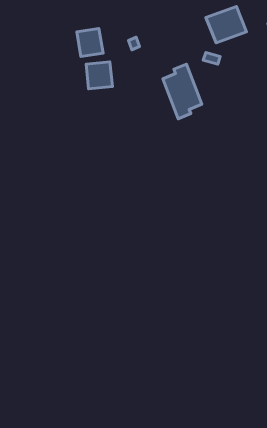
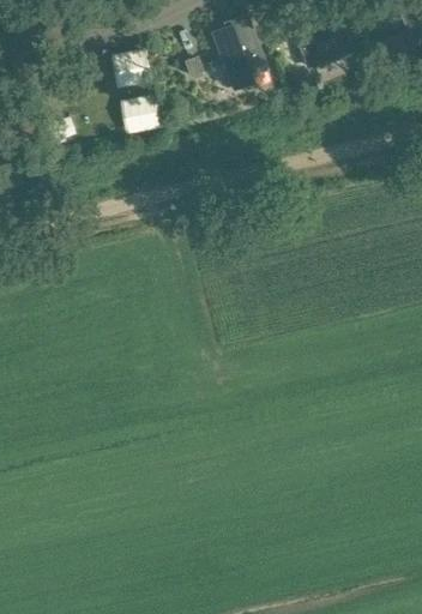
building: [163,64,202,119] -> [212,13,267,90]

